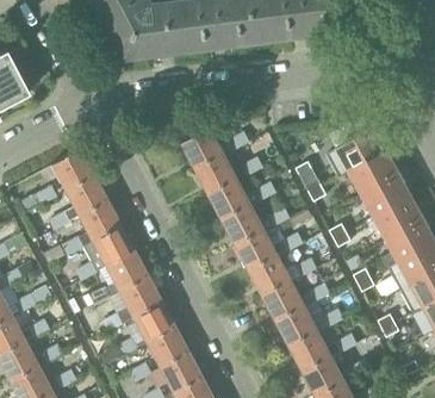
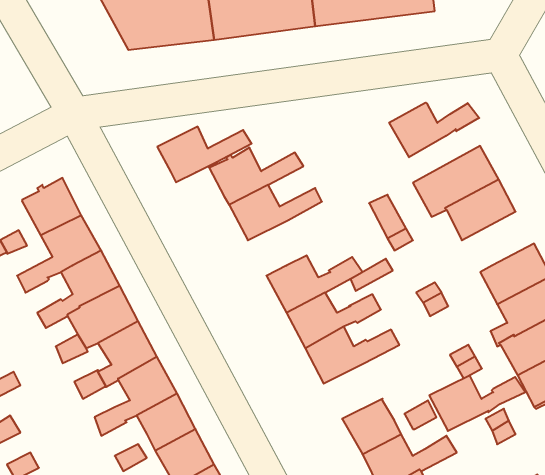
building: none -> [389,103,479,157]
building: [361,174,412,217] -> none
building: [210,180,276,219] -> [157,127,252,182]
building: [263,281,331,321] -> [429,375,525,431]

